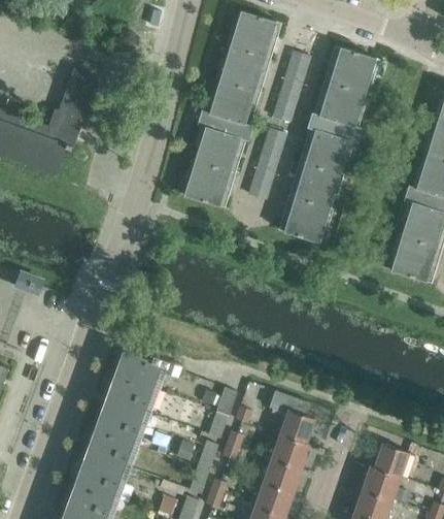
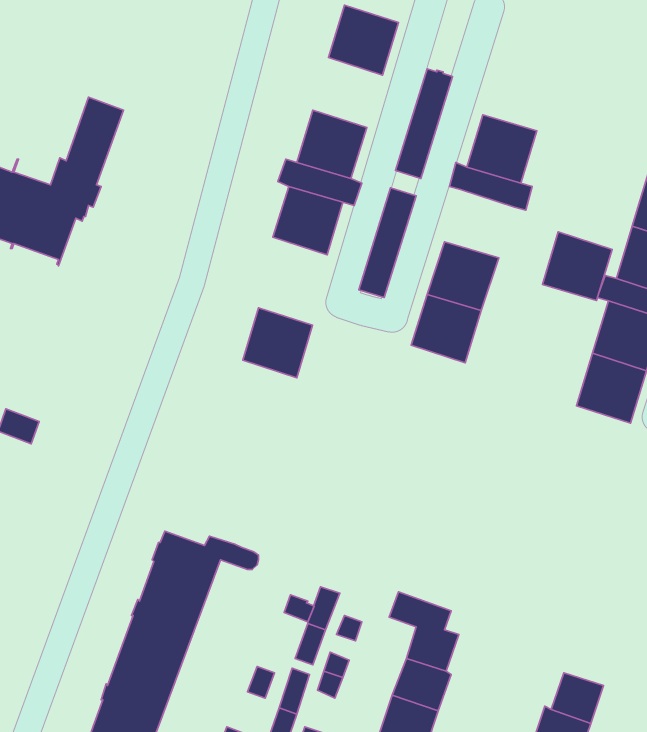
building: [219,44,265,90] -> none
building: [330,47,375,92] -> none
building: [305,130,350,174] -> [542,232,612,300]
building: [183,161,229,206] -> [243,308,313,378]

